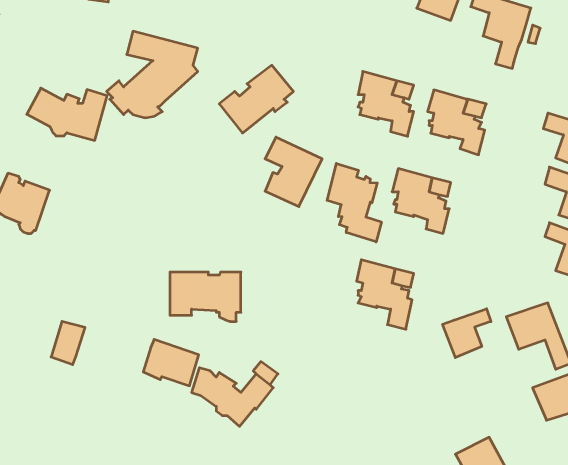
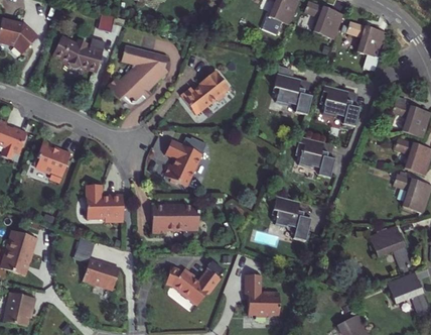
building: [27,88,107,140] -> [53,37,106,72]
building: [265,137,322,207] -> [164,141,201,187]
building: [327,163,381,242] -> none
building: none -> [86,184,123,221]
building: [443,309,491,358] -> none
building: [143,339,199,386] -> [82,260,118,291]
building: none -> [246,275,280,320]

